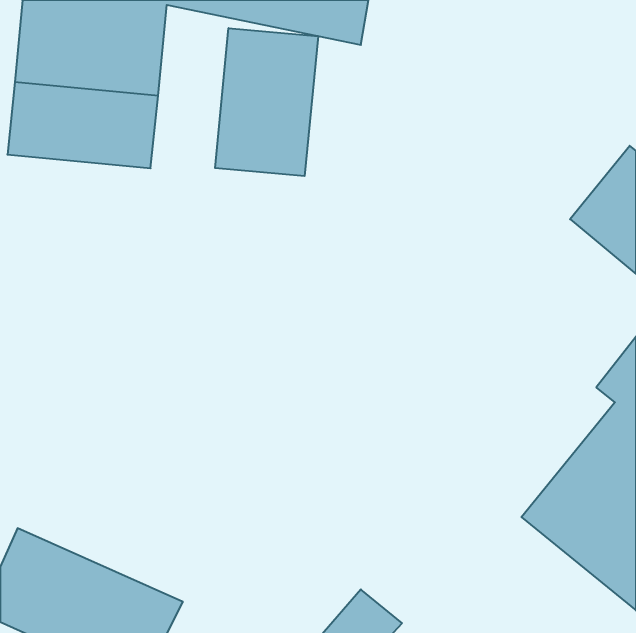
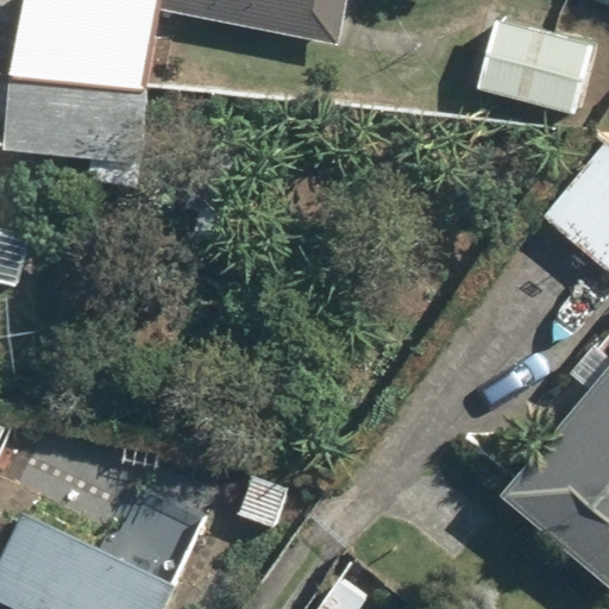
building: none -> [469,15,598,107]
building: [215,28,318,176] -> none

